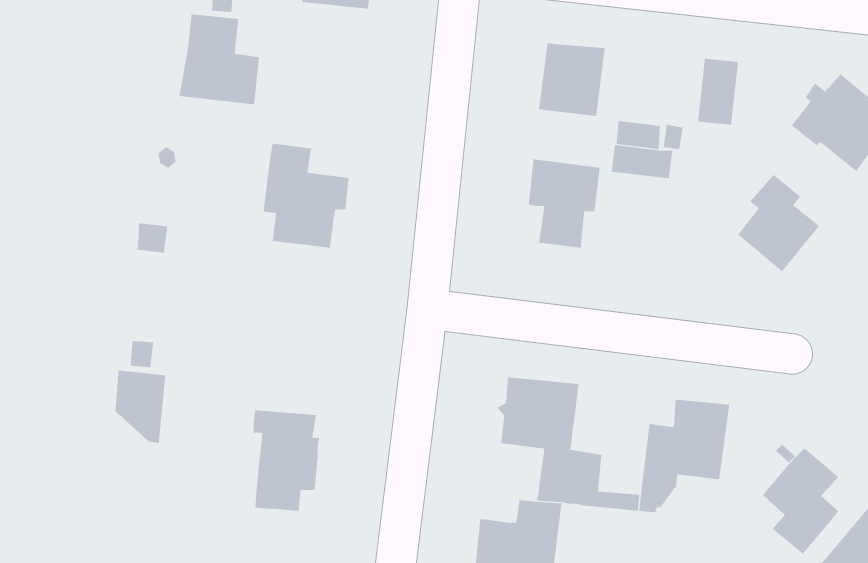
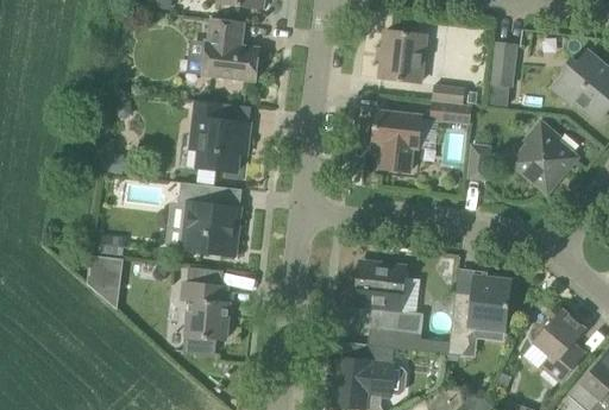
building: [179,13,260,105] -> [202,18,258,81]
building: none -> [467,144,491,181]
building: none -> [178,182,240,256]

